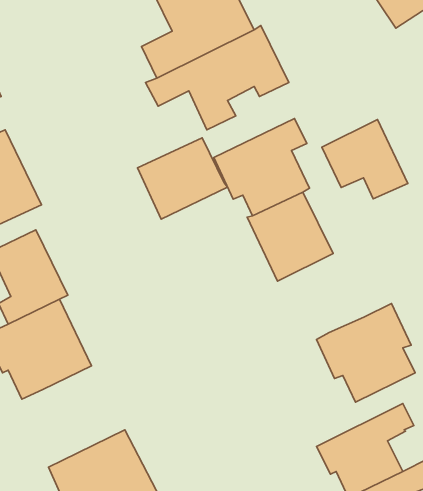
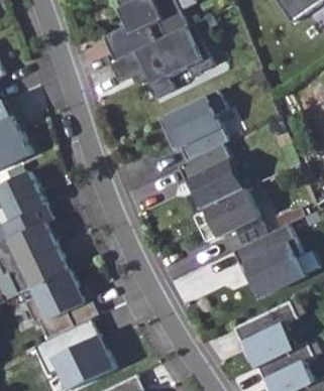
building: [322,120,408,199] -> [204,188,266,246]
building: [138,138,228,219] -> none
building: none -> [25,270,98,339]

